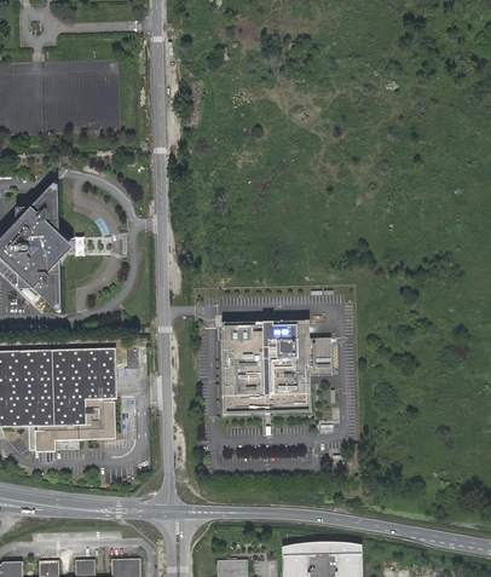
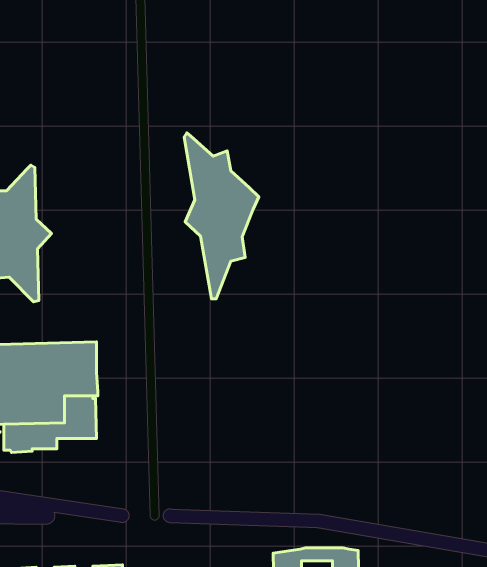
building: none -> [184,133,259,299]
building: [221,321,331,414] -> none

